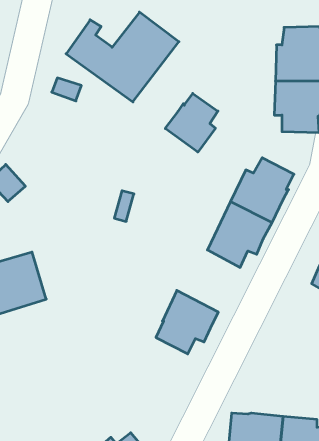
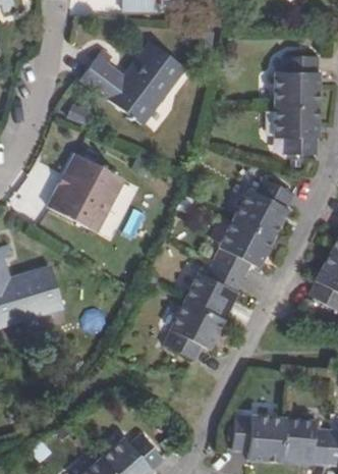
building: [165,93,218,152] -> none
building: none -> [47,154,122,232]
building: none -> [183,263,242,321]

